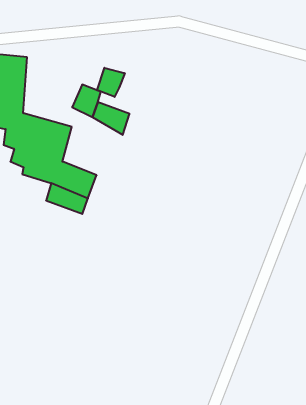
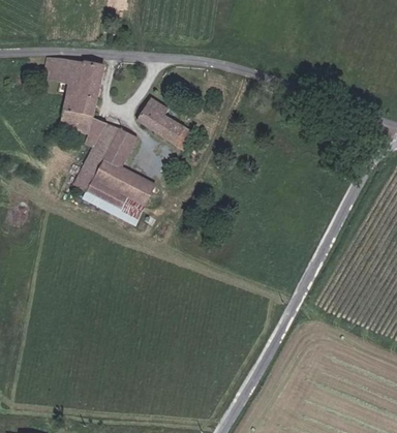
building: [97,68,125,97] -> none
building: none -> [75,173,109,200]

